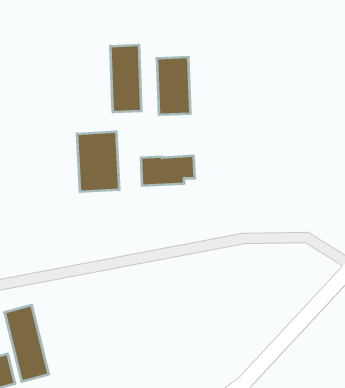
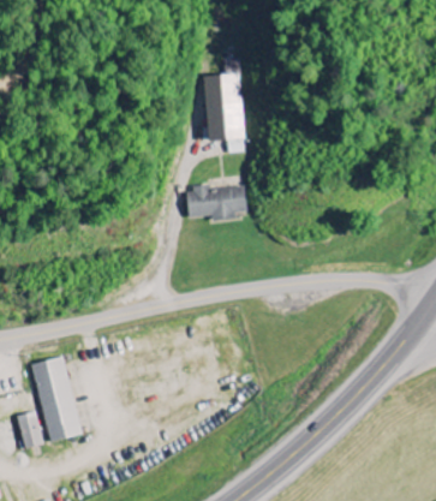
building: [110,45,141,112] -> none
building: [77,132,119,192] -> none

